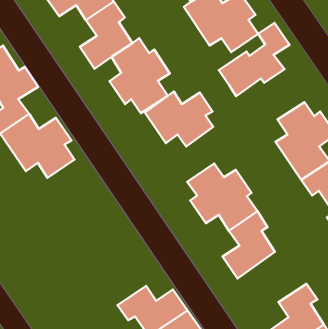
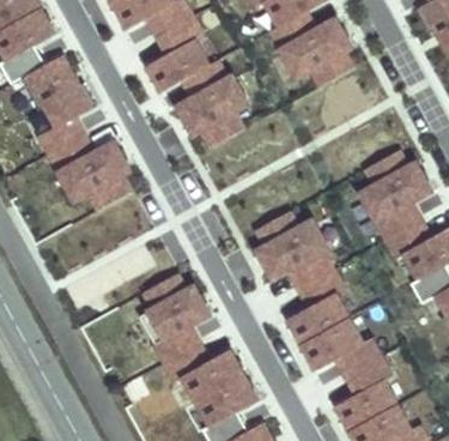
building: [219,23,289,96] -> none
building: [145,92,213,146] -> none
building: none -> [139,273,208,362]
building: none -> [303,318,381,375]

